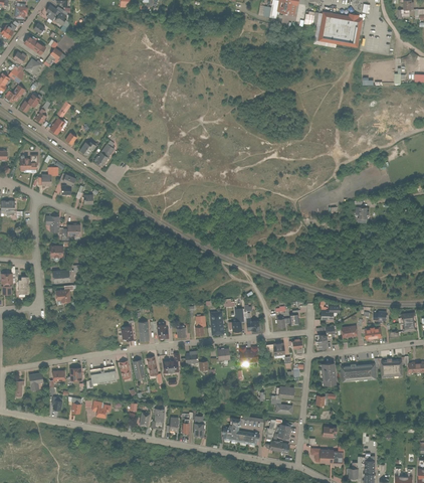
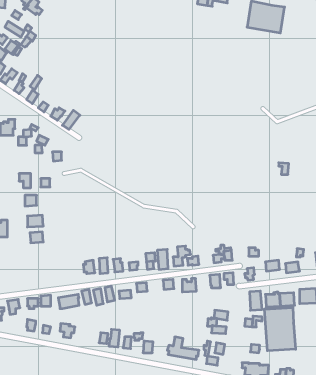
building: none -> [265,308,296,351]

